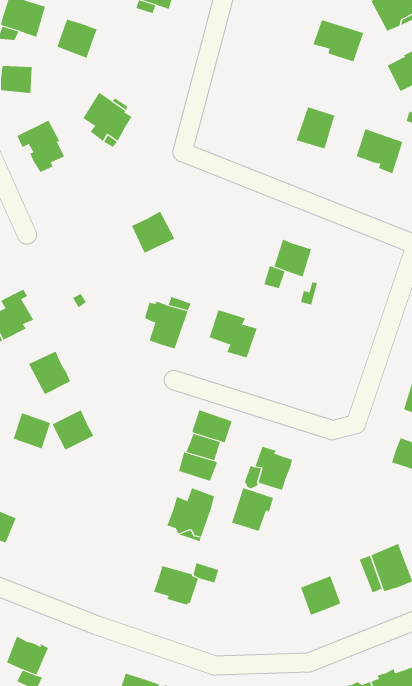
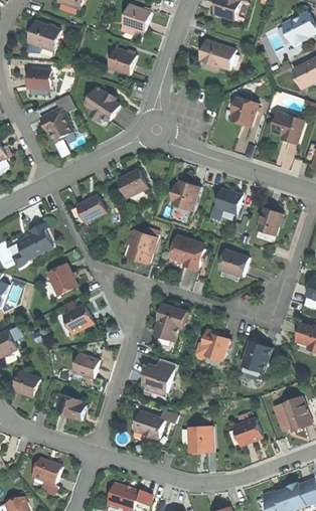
building: [56,19,98,59] -> [107,47,135,74]
building: [313,20,364,62] -> [199,39,234,68]
building: none -> [169,180,198,210]
building: none -> [75,194,105,222]
building: none -> [256,207,282,234]
building: none -> [217,248,248,276]
building: [13,412,51,449] -> [71,352,98,377]
building: [231,488,274,532] -> [241,340,270,370]
building: none -> [54,393,83,419]
building: none -> [186,425,212,452]

